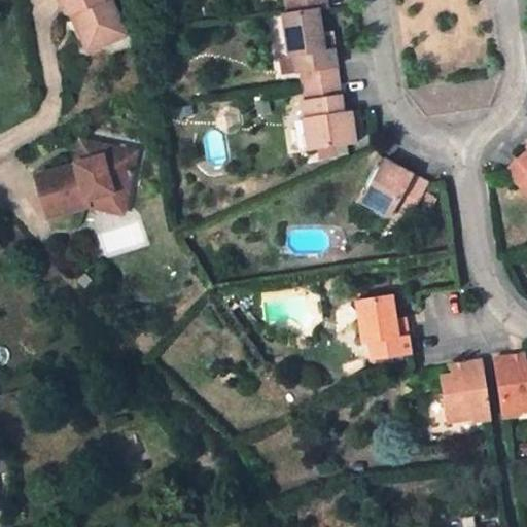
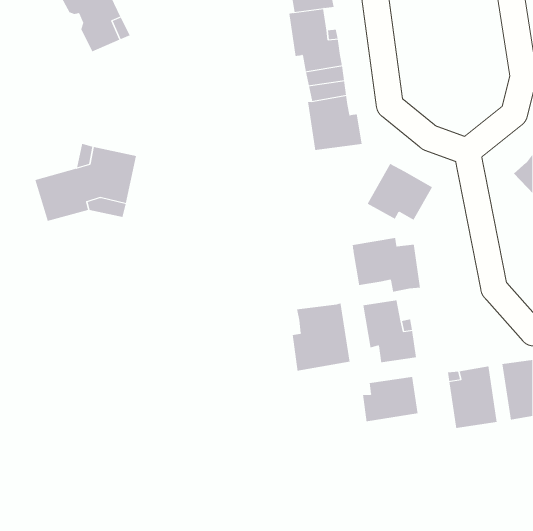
building: none -> [352,237,420,292]
building: none -> [292,302,350,372]
building: none -> [363,376,418,422]

